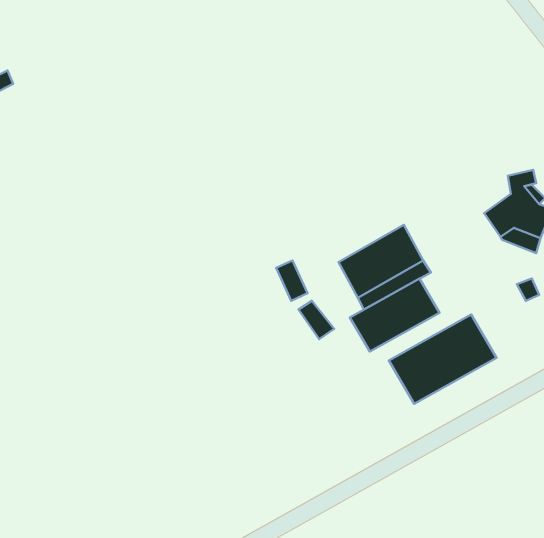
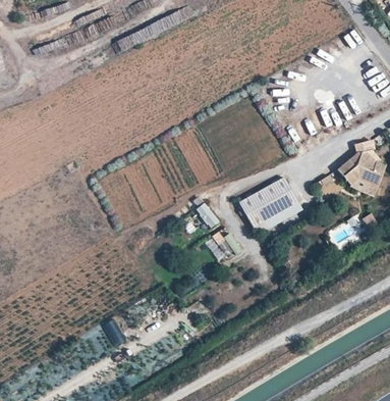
building: [350,279,440,352] -> none
building: [389,315,496,404] -> none

